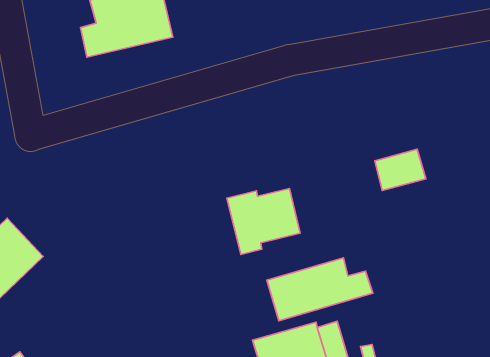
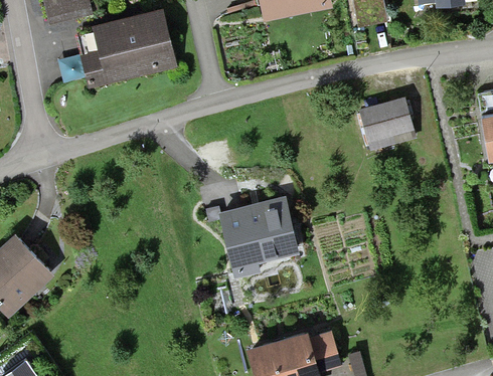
building: [375,149,426,191] -> [361,98,409,137]
building: [267,258,373,321] -> none

